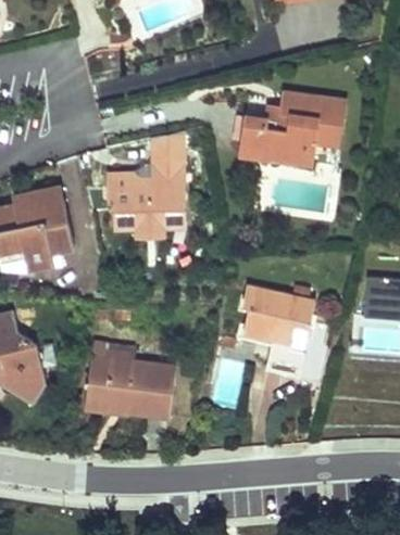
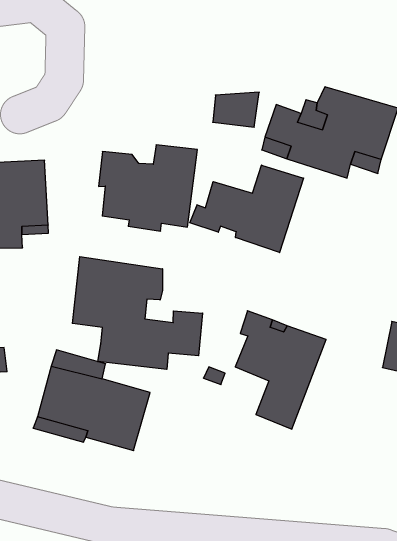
building: [148,130,184,161] -> [213,92,259,127]
building: none -> [190,165,304,253]
building: none -> [72,257,203,369]

